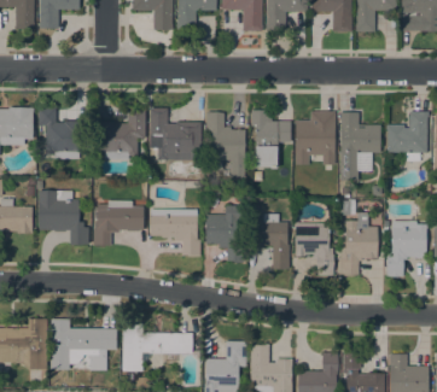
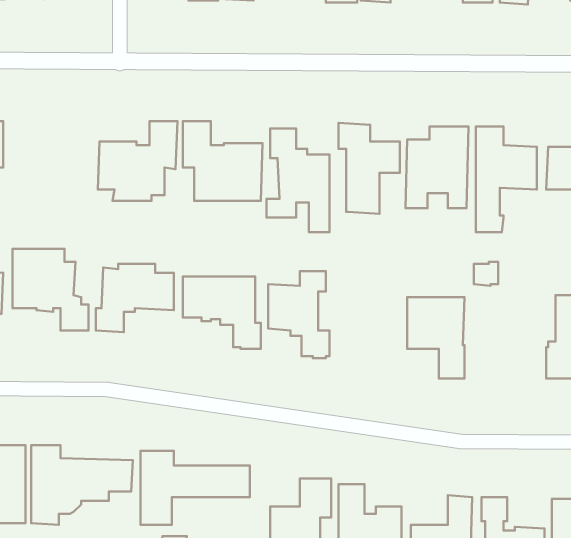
building: [39,107,87,158] -> none
building: [250,212,290,269] -> none
building: [340,212,378,276] -> none

